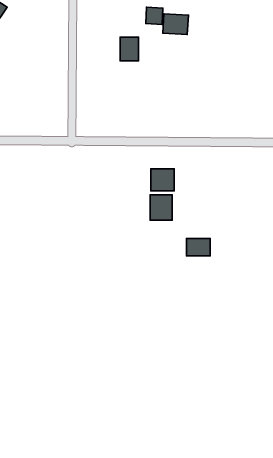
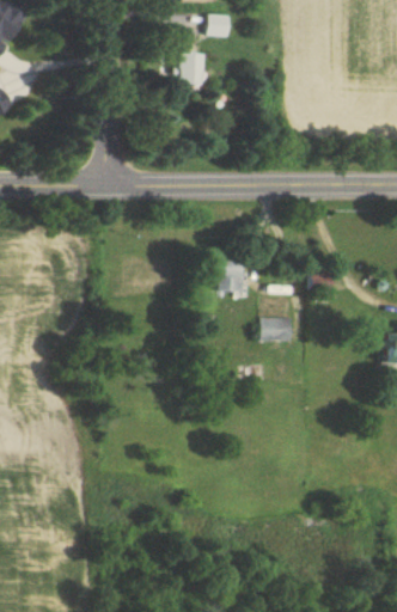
building: [163,14,188,34] -> none
building: [151,169,174,191] -> none

